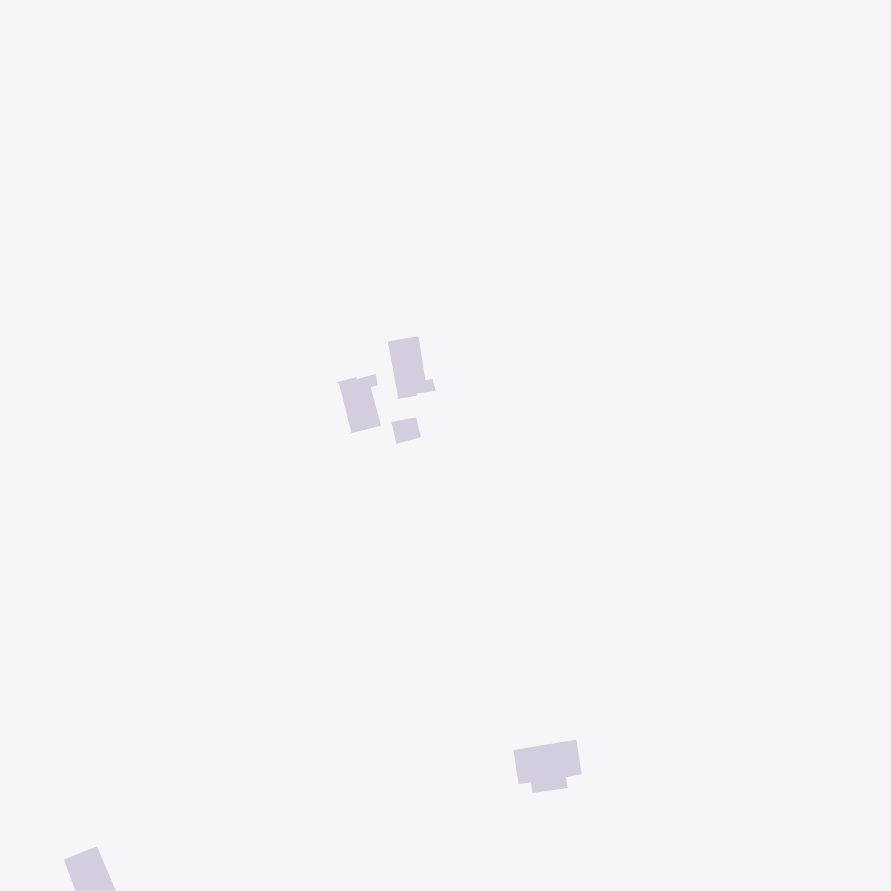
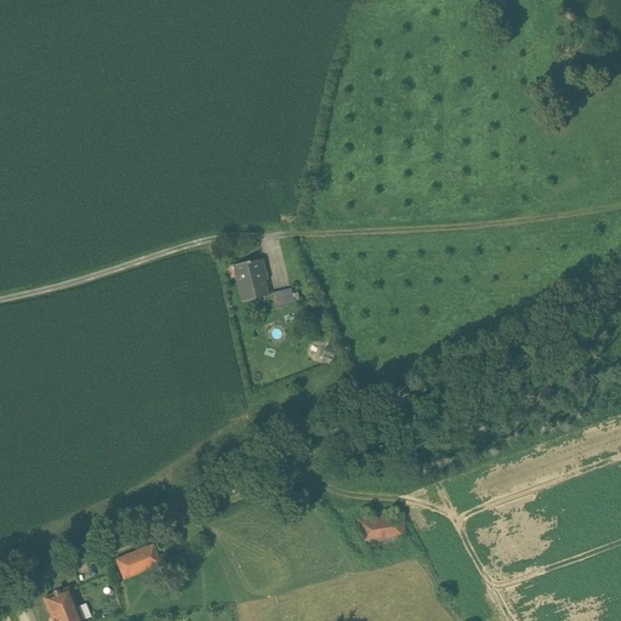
building: [384,335,437,400] -> none
building: none -> [115,546,159,579]

